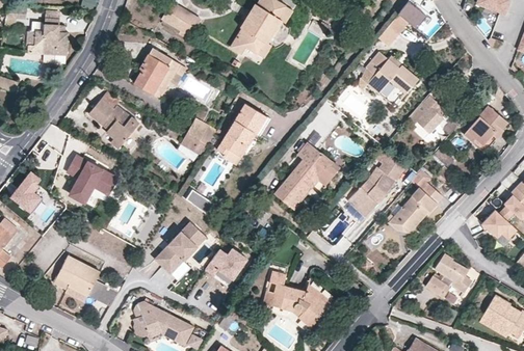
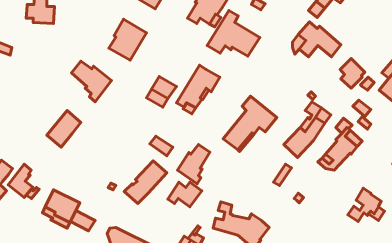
building: none -> [207,10,260,56]
building: [11,172,42,213] -> [8,164,33,197]
building: none -> [177,144,210,184]

